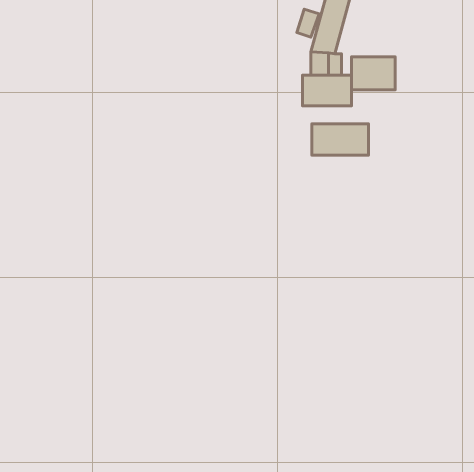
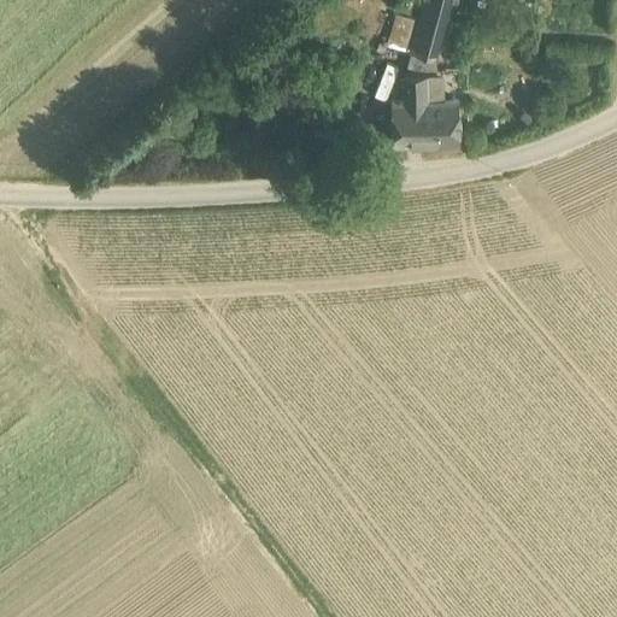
building: [352,57,395,90] -> none
building: [312,124,369,155] -> none

